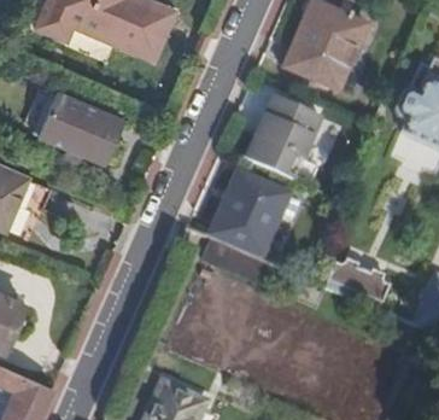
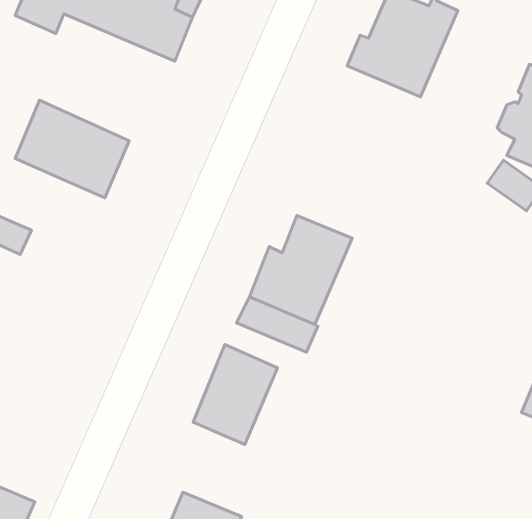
building: [244,95,320,179] -> none
building: [326,257,390,308] -> none
building: none -> [193,345,277,444]

